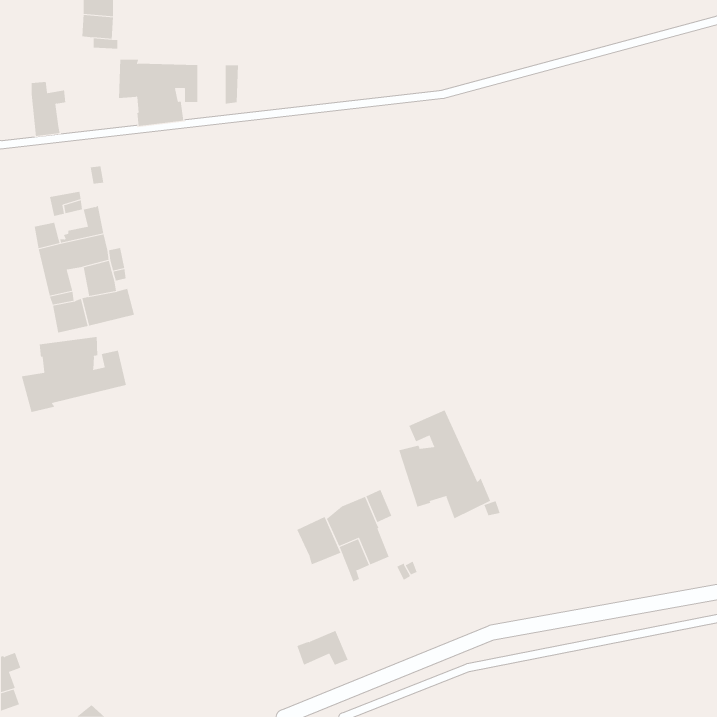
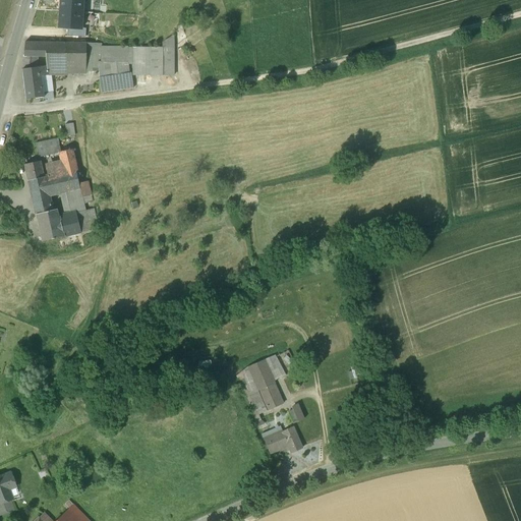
building: none -> [24,42,88,74]
building: none -> [144,47,164,75]
building: [21,336,126,413] -> none
building: [398,410,491,519] -> none
building: [296,516,341,565] -> none
building: [297,630,349,665] -> [265,426,302,452]

